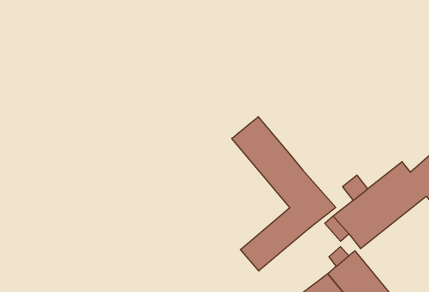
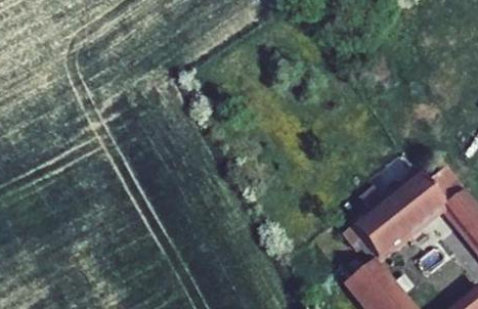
building: [232,117,336,271] -> none

